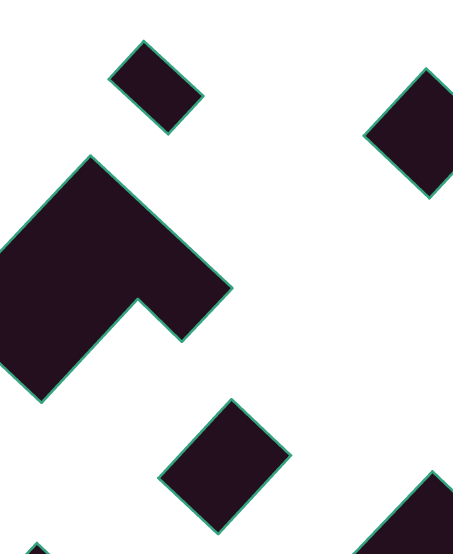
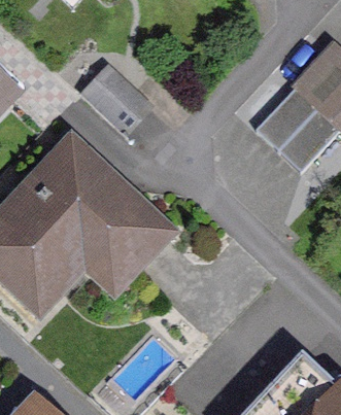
building: [158,399,291,534] -> none

